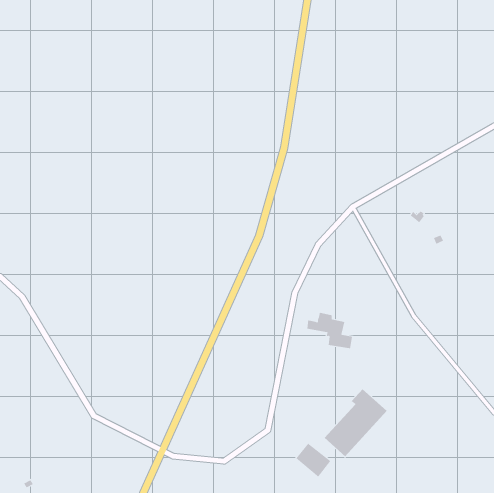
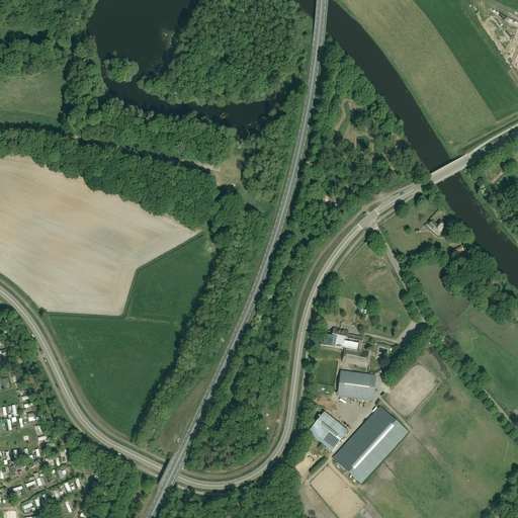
building: none -> [338,373,375,398]
building: [295,443,331,478] -> [308,415,345,451]

